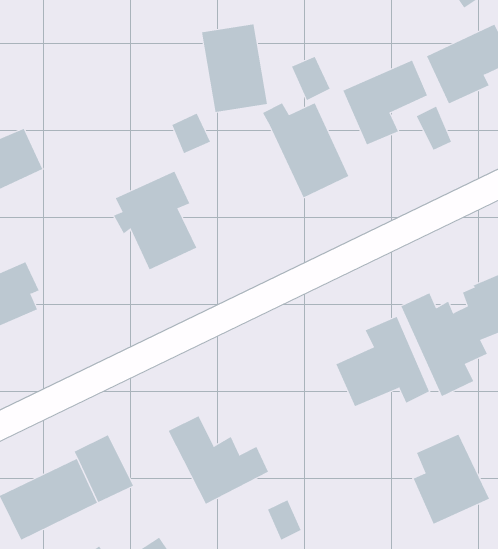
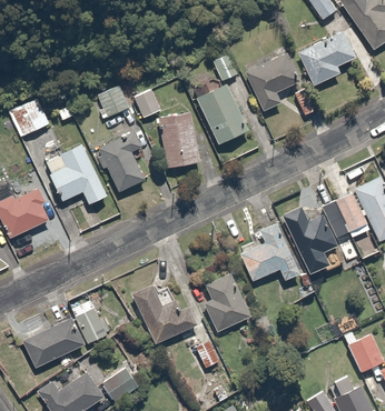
building: [201,24,268,113] -> [158,111,201,169]
building: none -> [97,84,131,120]
building: none -> [42,144,109,206]
building: [413,434,490,525] -> [204,274,254,333]

